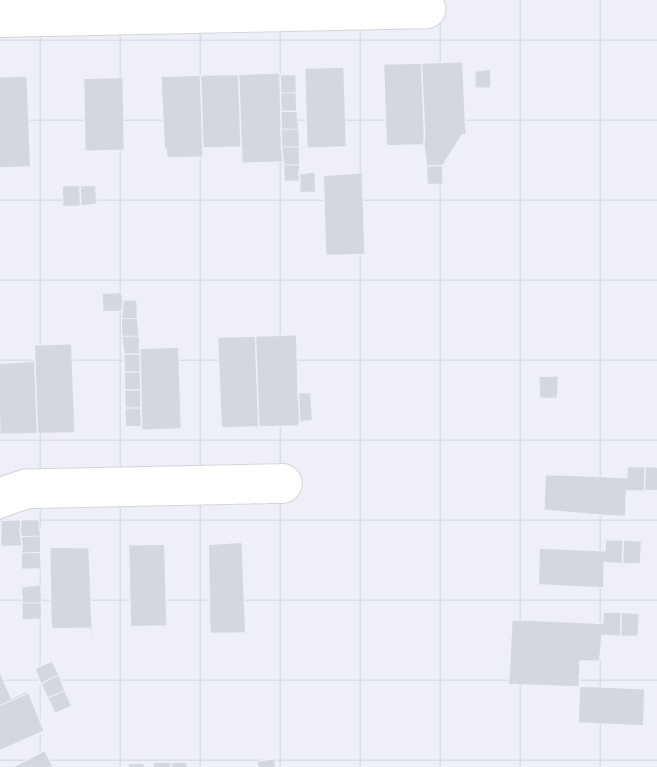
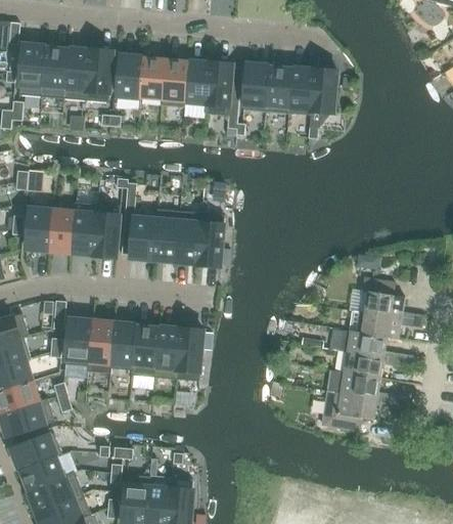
building: none -> [85,49,112,102]
building: none -> [139,56,165,99]
building: [323,173,365,255] -> [265,66,291,113]
building: none -> [152,208,179,261]
building: none -> [92,204,120,256]
building: none -> [362,277,404,317]
building: none -> [347,330,387,357]
building: none -> [175,328,203,381]
building: none -> [131,323,160,377]
building: none -> [88,320,115,373]
building: [578,686,645,726] -> [341,372,380,398]

